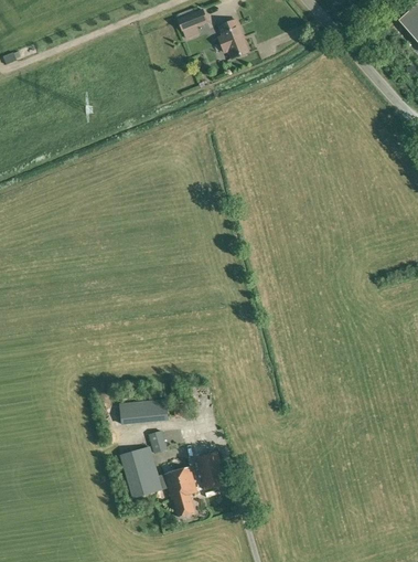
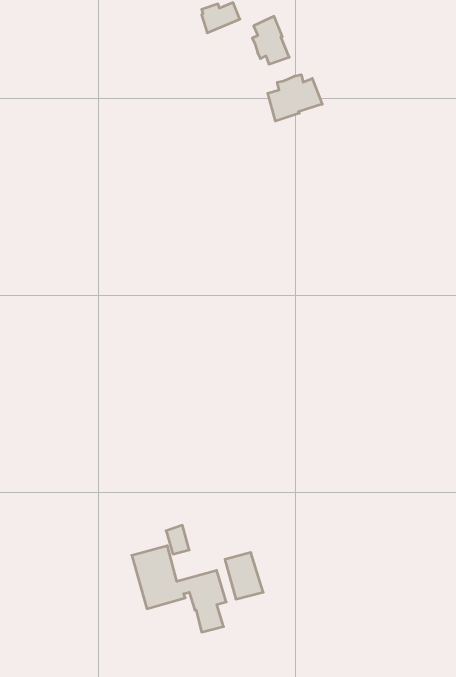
building: none -> [268,75,322,121]
building: [119,399,169,424] -> none

